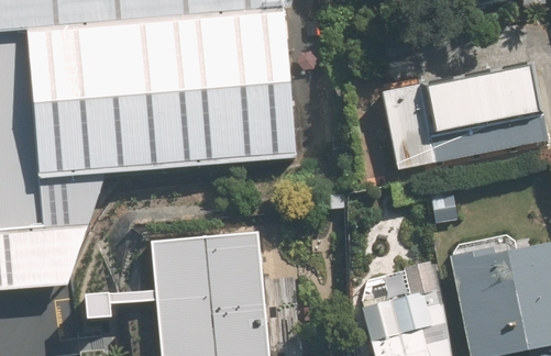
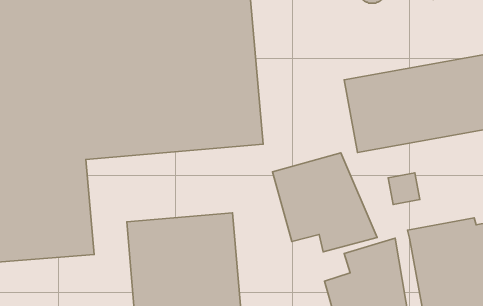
building: none -> [272,153,377,252]

